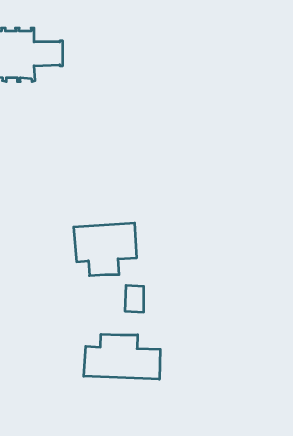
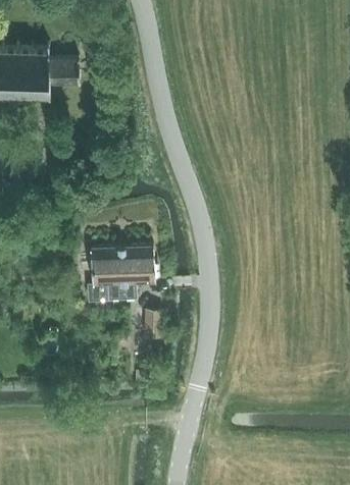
building: [84,334,160,379] -> none

